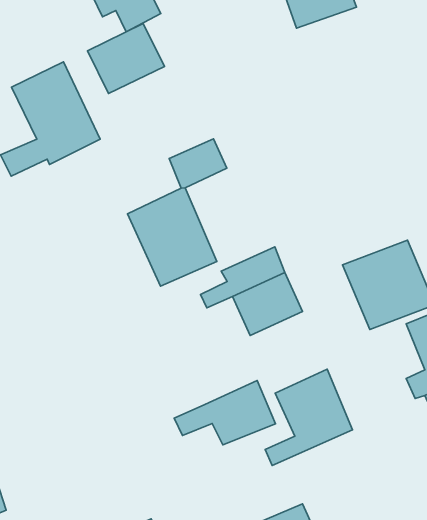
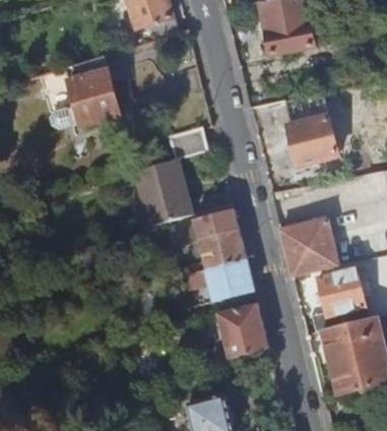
building: [87,24,164,94] -> none
building: none -> [285,95,338,167]
building: [174,381,275,445] -> [182,258,253,300]

